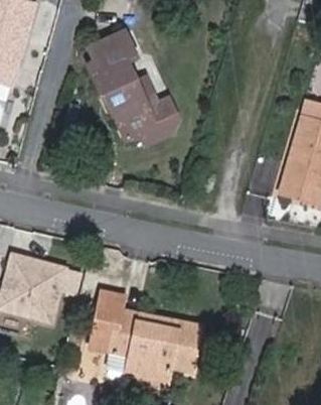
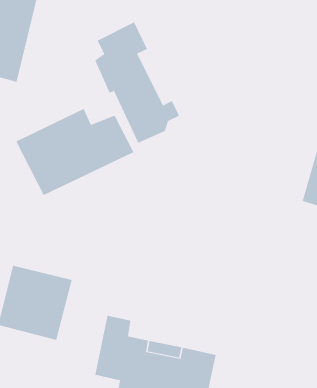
building: none -> [16,108,134,196]

